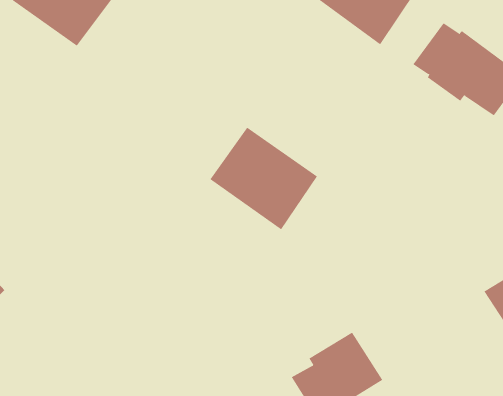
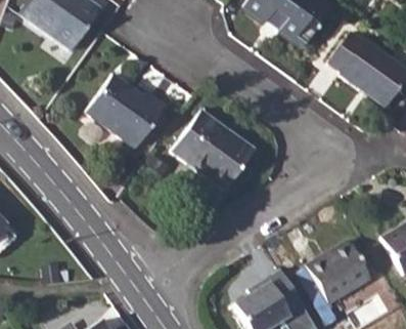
building: none -> [88,75,167,149]
building: none -> [309,241,372,302]

